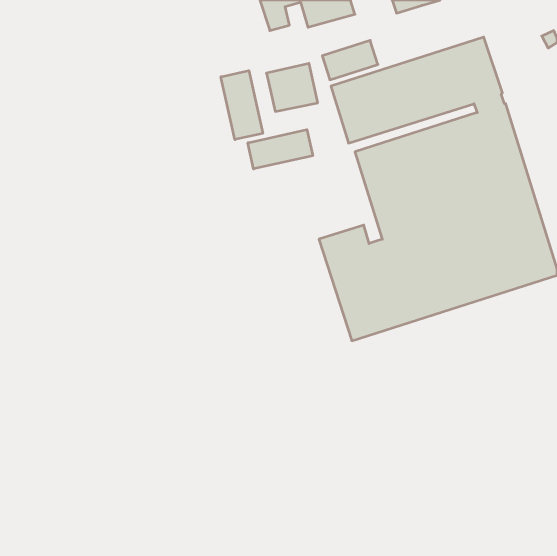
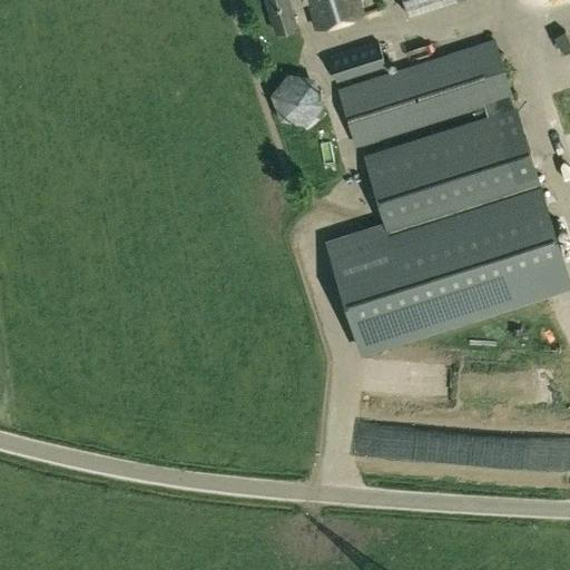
building: [221,71,263,140] -> none
building: [248,130,313,169] -> none

